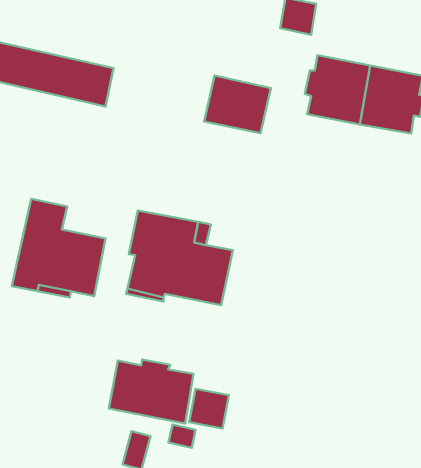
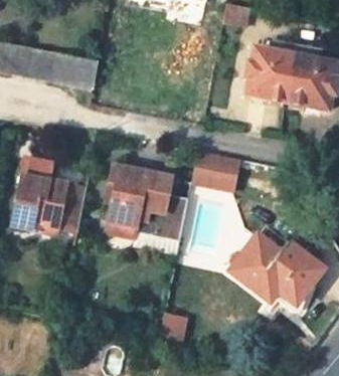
building: [204,75,271,133] -> [186,146,238,191]
building: none -> [230,234,323,305]
building: [109,360,193,423] -> none

